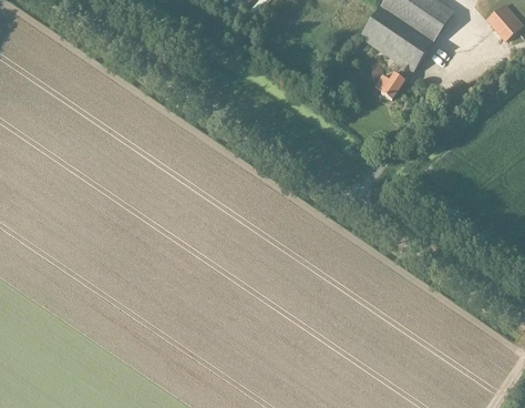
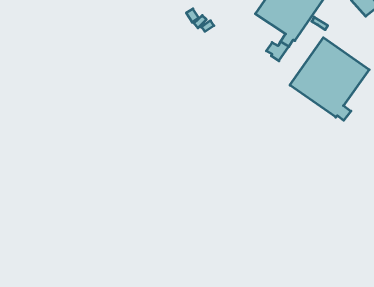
building: none -> [290,38,369,120]

